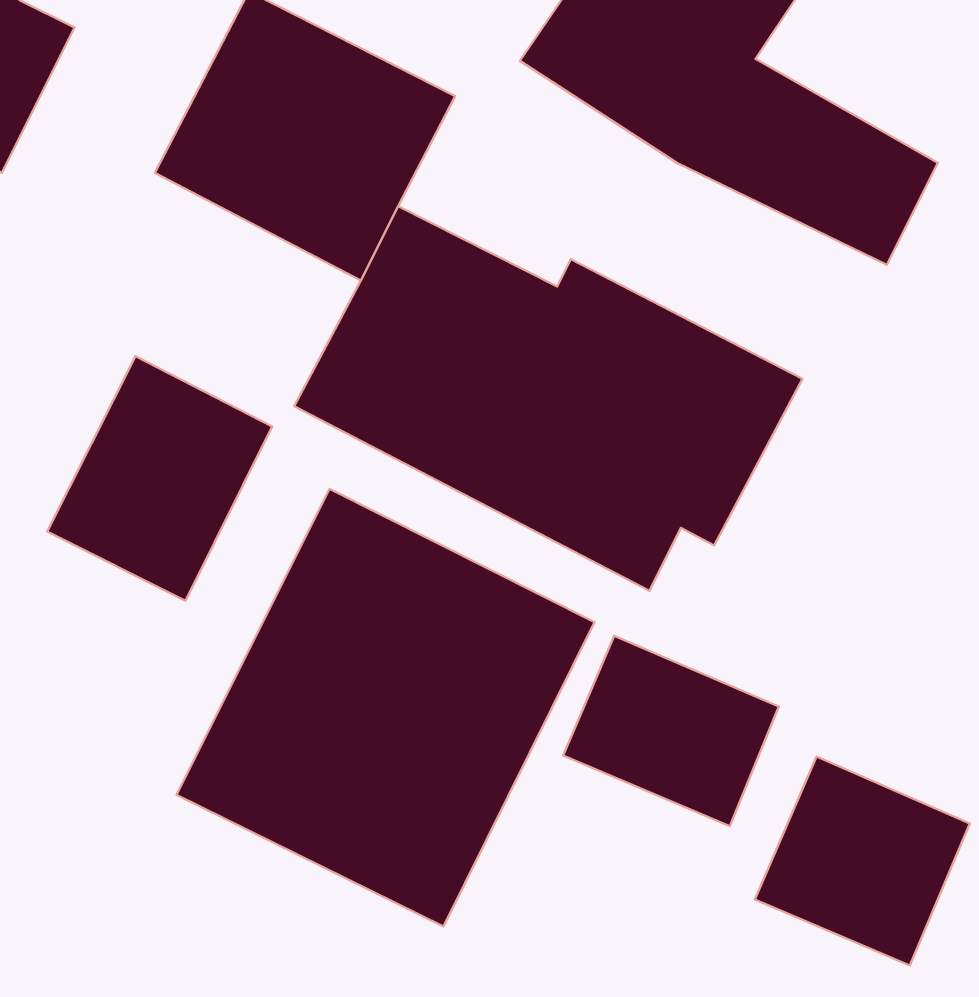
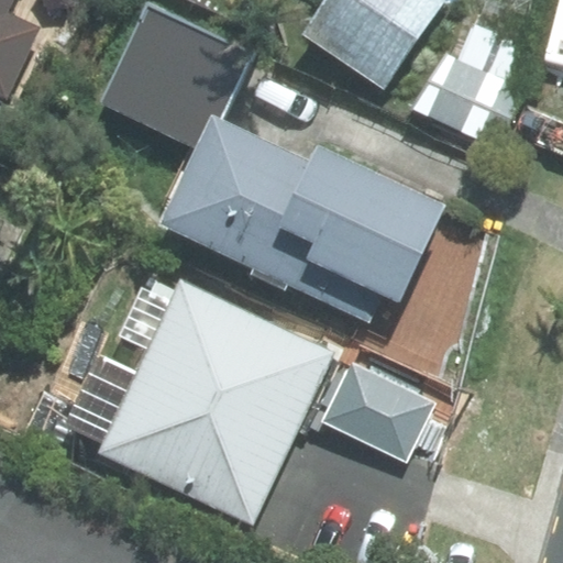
building: [47,356,272,601] -> none
building: [755,756,970,966] -> none

